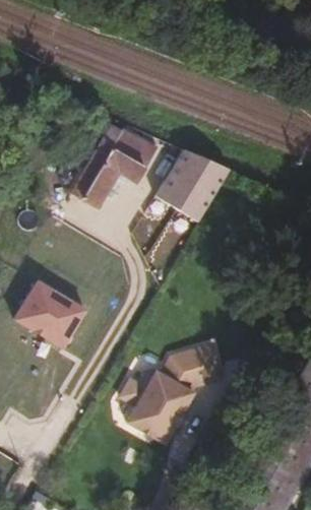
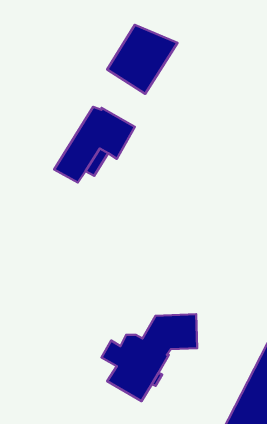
building: [156,151,231,226] -> [107,25,177,94]
building: [15,275,92,348] -> none

